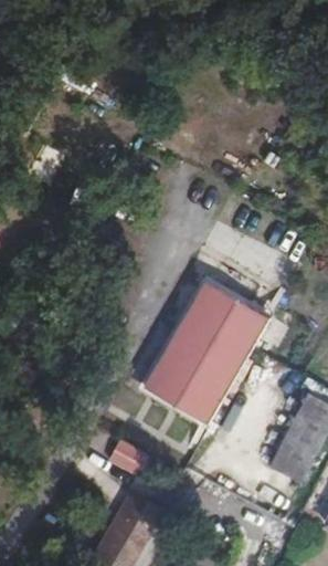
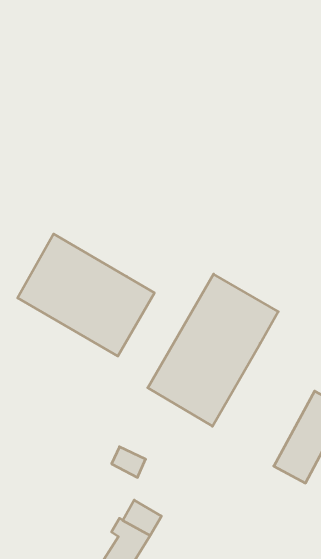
building: none -> [18,234,154,356]

